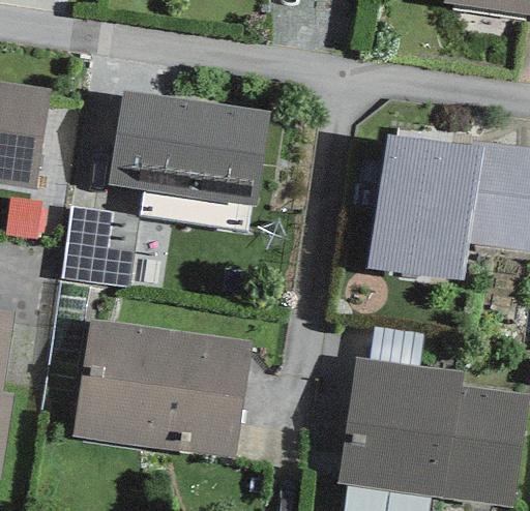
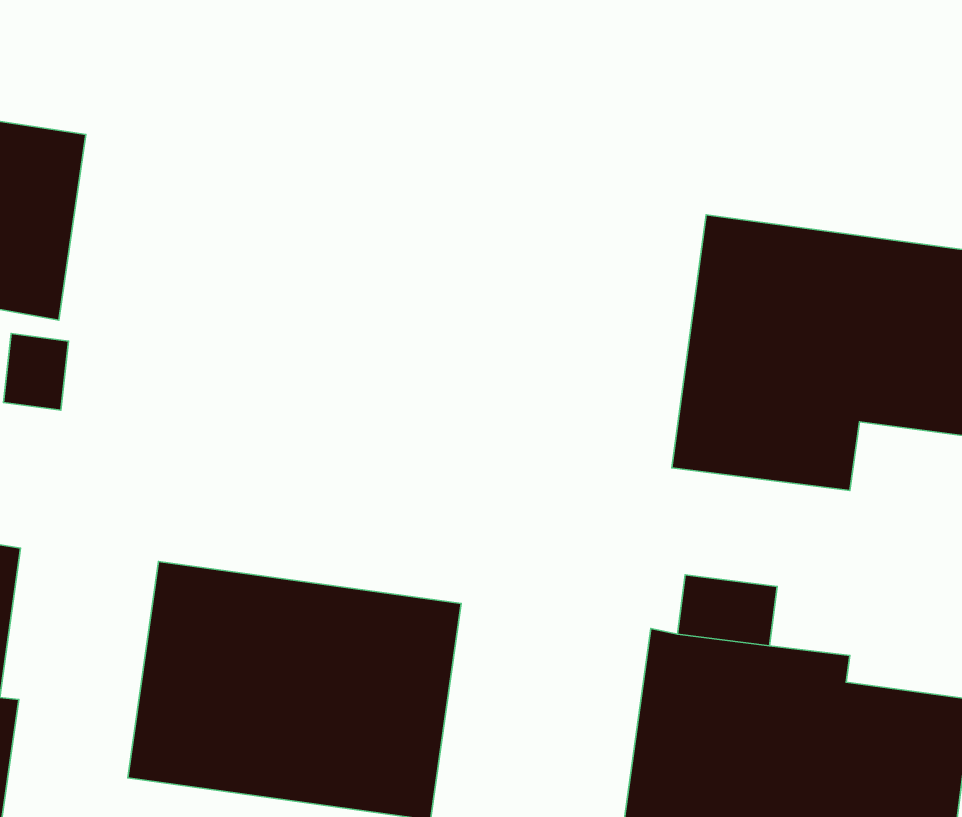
building: [109,90,270,229] -> none
building: [61,206,135,288] -> none

